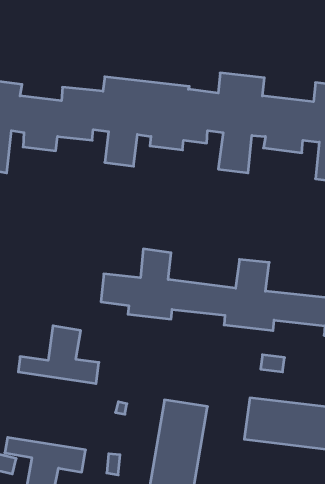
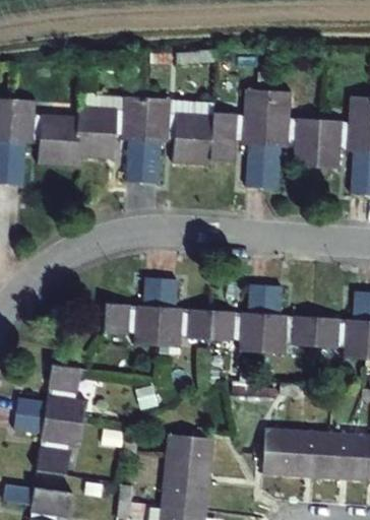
building: none -> [23,400,109,462]

